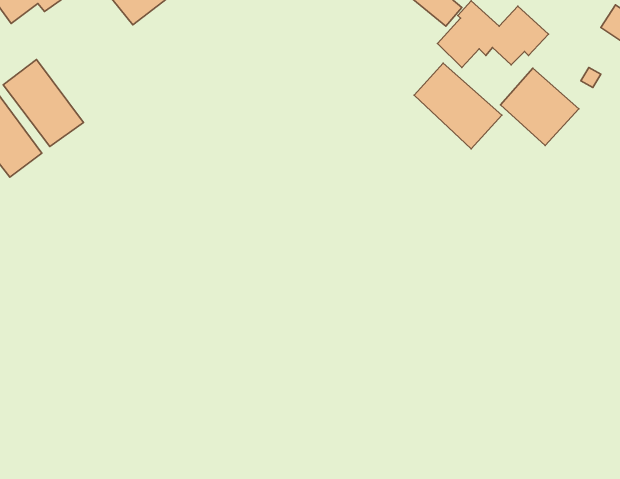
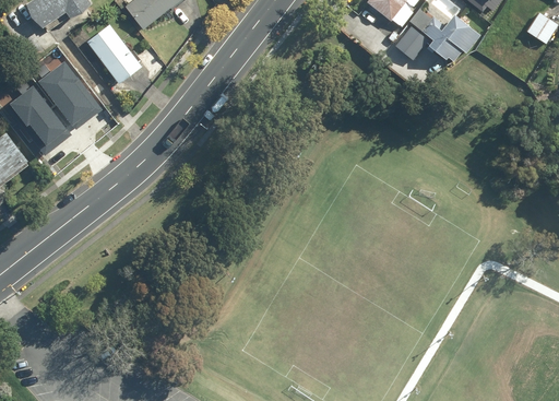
building: none -> [72,25,143,83]
building: [414,63,502,149] -> none
building: [501,68,579,146] -> none

